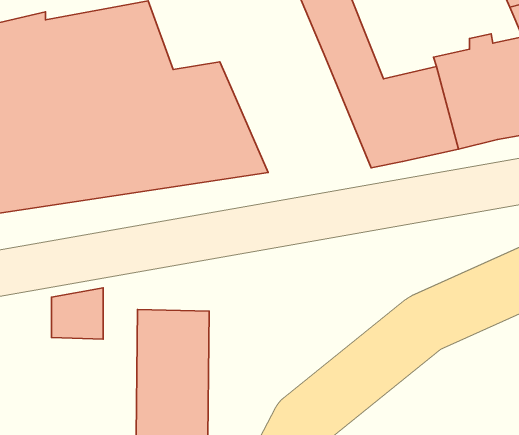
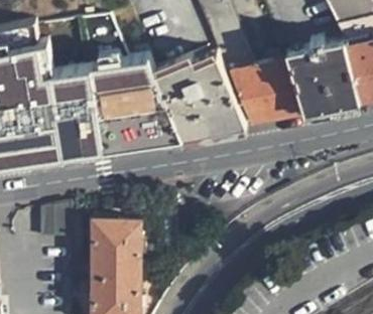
building: none -> [155,56,246,139]

